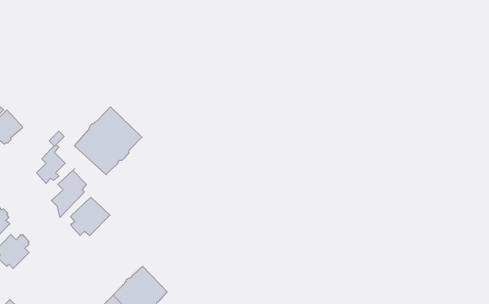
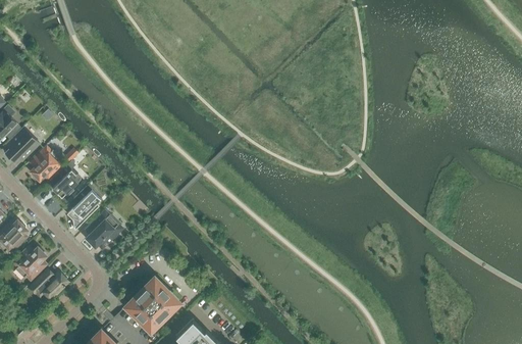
building: [75,107,142,175] -> none
building: none -> [31,151,63,184]
building: none -> [30,273,67,301]

